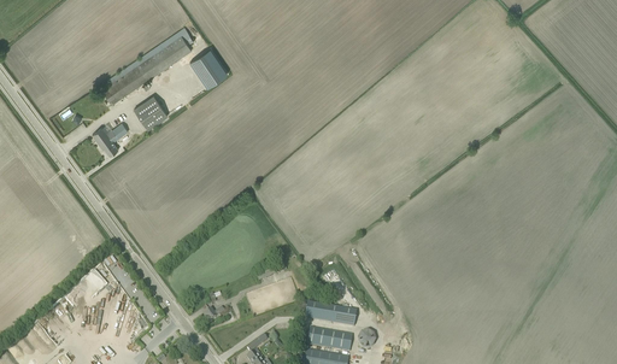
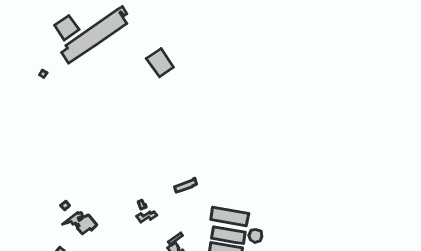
building: [189,48,227,87] -> [146,49,174,77]
building: [134,95,168,129] -> [55,15,79,40]
building: [92,122,128,155] -> none

